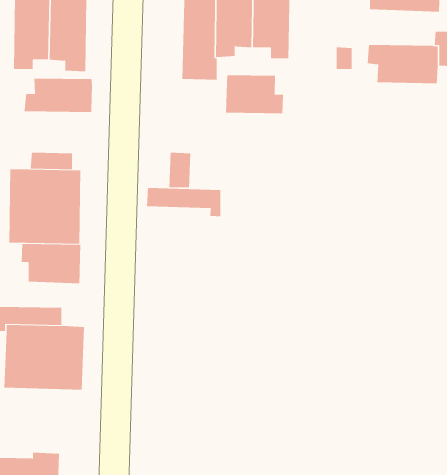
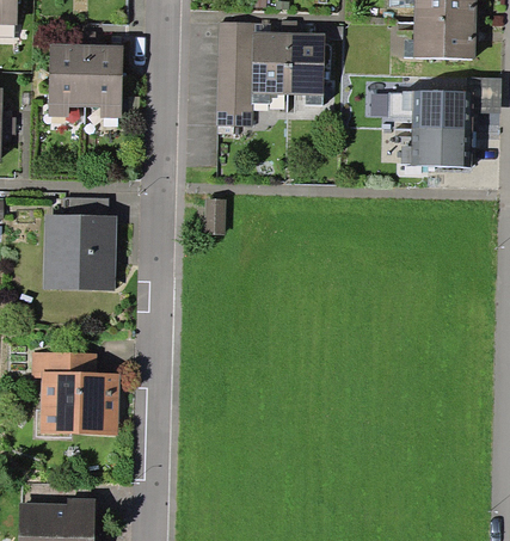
building: [226,75,284,114] -> none
building: [24,78,93,113] -> none
building: none -> [400,129,472,166]
building: [147,187,221,217] -> none
building: [21,243,81,284] -> none

